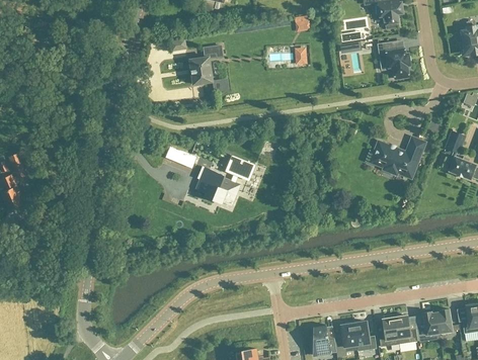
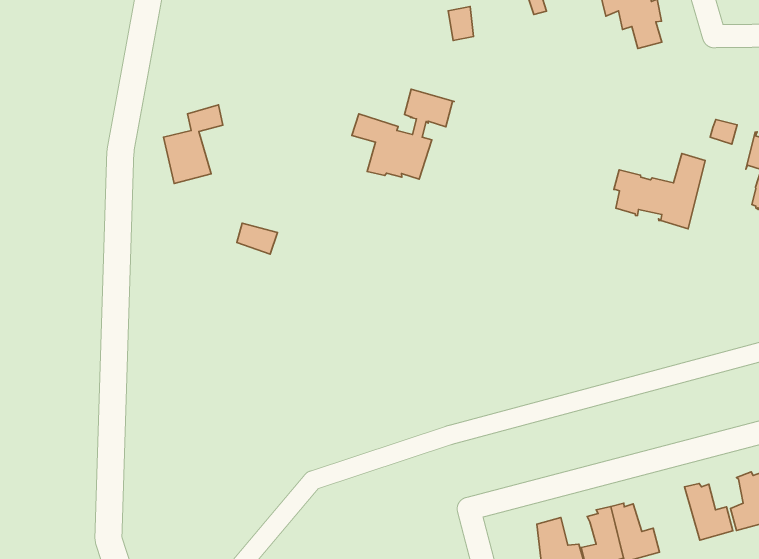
building: [190,46,223,85] -> [163,105,223,183]
building: [198,157,255,205] -> [352,89,454,179]
building: [380,316,400,347] -> none

